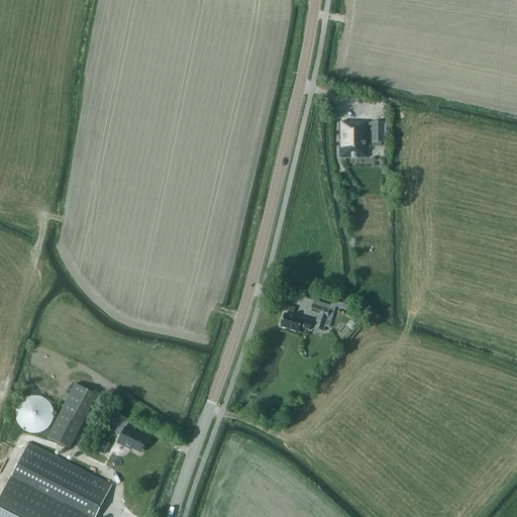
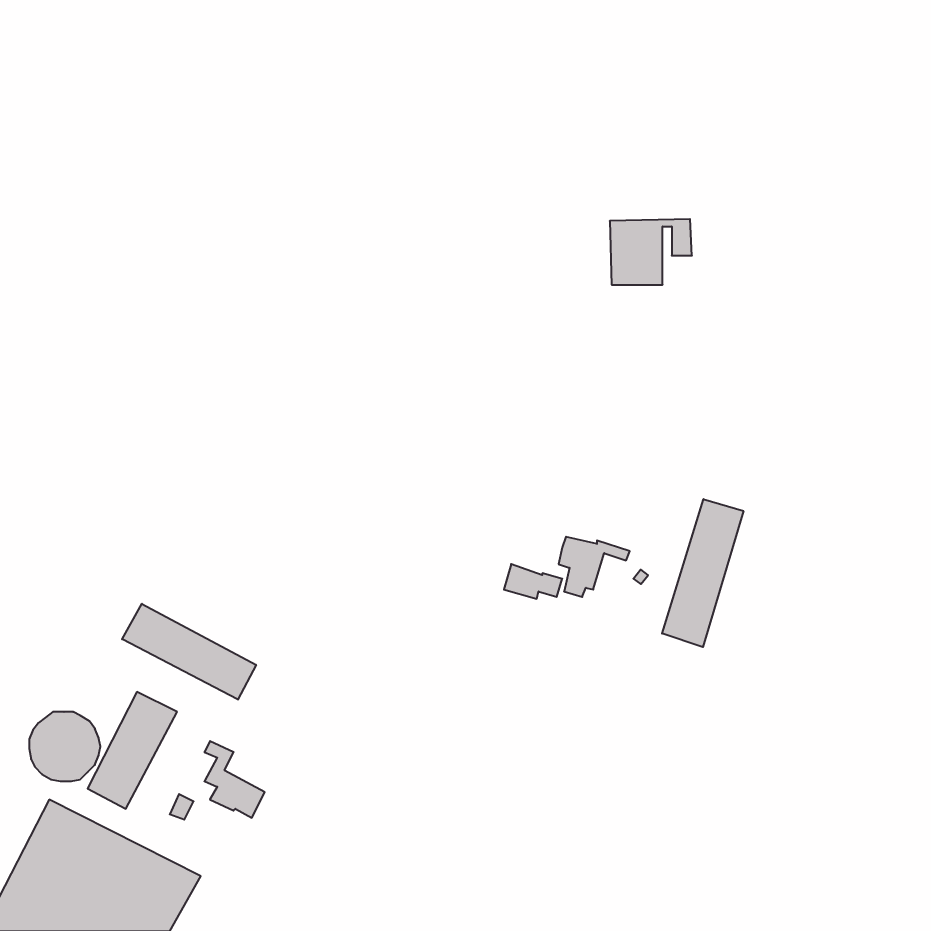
building: none -> [662,499,743,647]
building: none -> [122,604,256,700]

